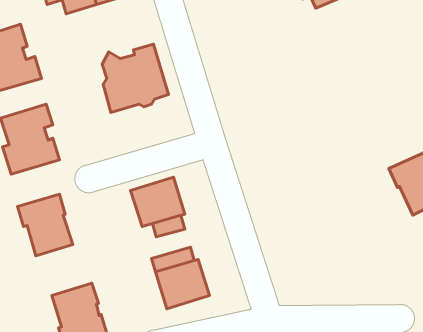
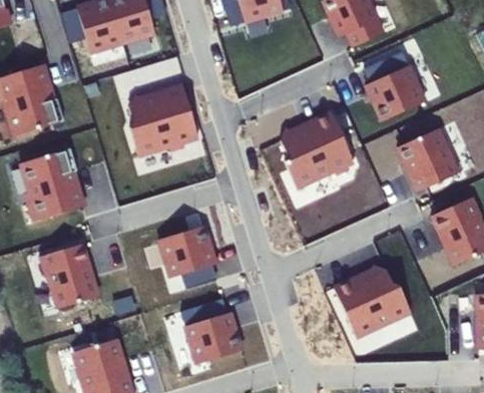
building: none -> [364,51,425,120]
building: none -> [280,112,354,189]
building: none -> [397,127,458,191]
building: none -> [335,266,412,340]

